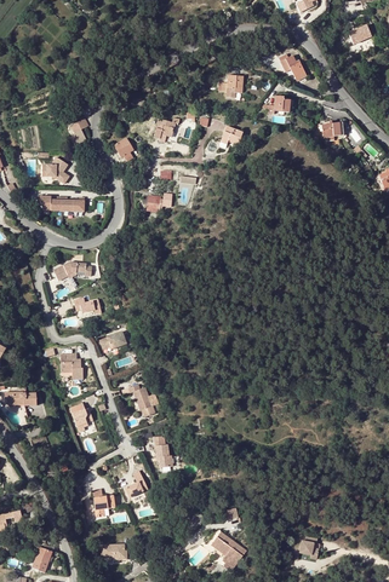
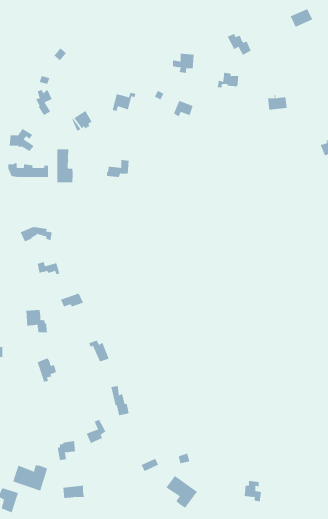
building: none -> [57,149,73,183]
building: none -> [13,465,48,491]

